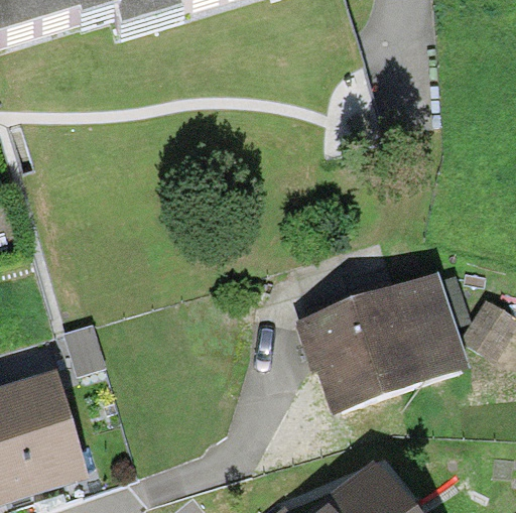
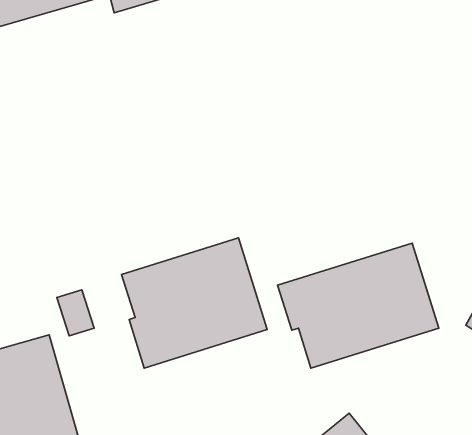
building: none -> [122,238,267,368]

